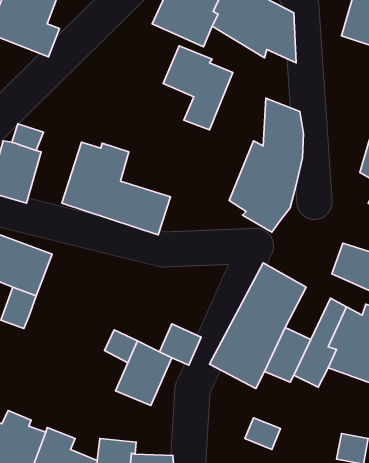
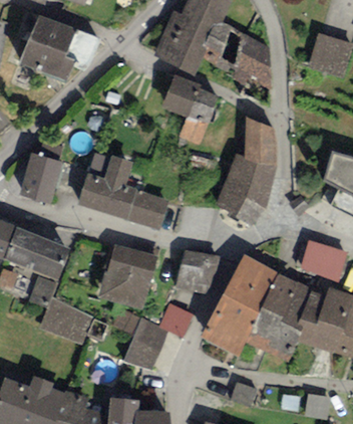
building: none -> [97,244,156,308]
building: none -> [173,249,221,295]
building: none -> [262,273,299,316]
building: none -> [39,297,92,345]

